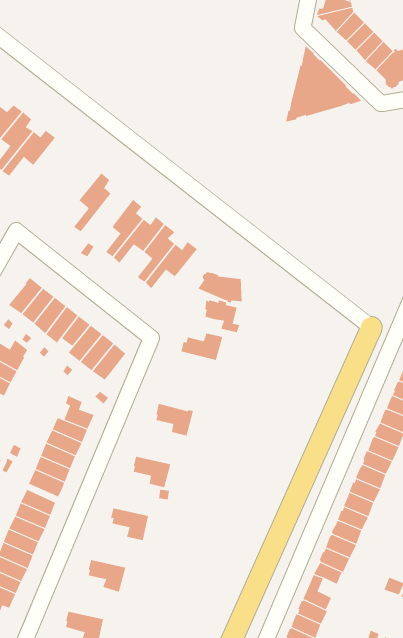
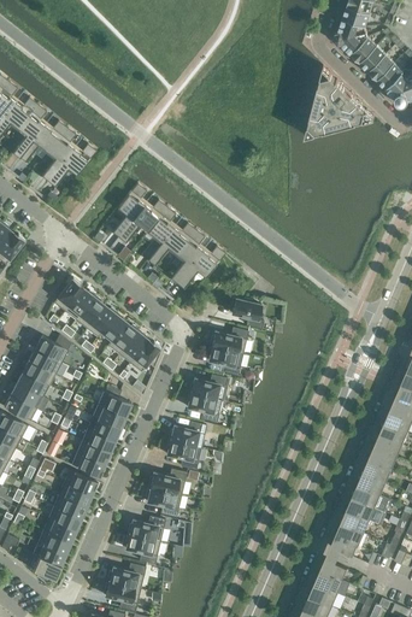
building: none -> [118,200,165,242]
building: [198,271,242,304] -> none
building: none -> [206,346,241,376]
building: none -> [188,376,225,400]
building: none -> [167,423,205,448]
building: none -> [147,470,186,495]
building: none -> [126,517,164,542]
building: none -> [106,564,145,589]

